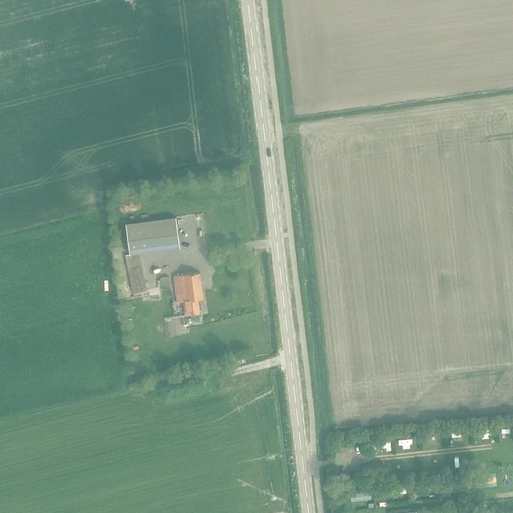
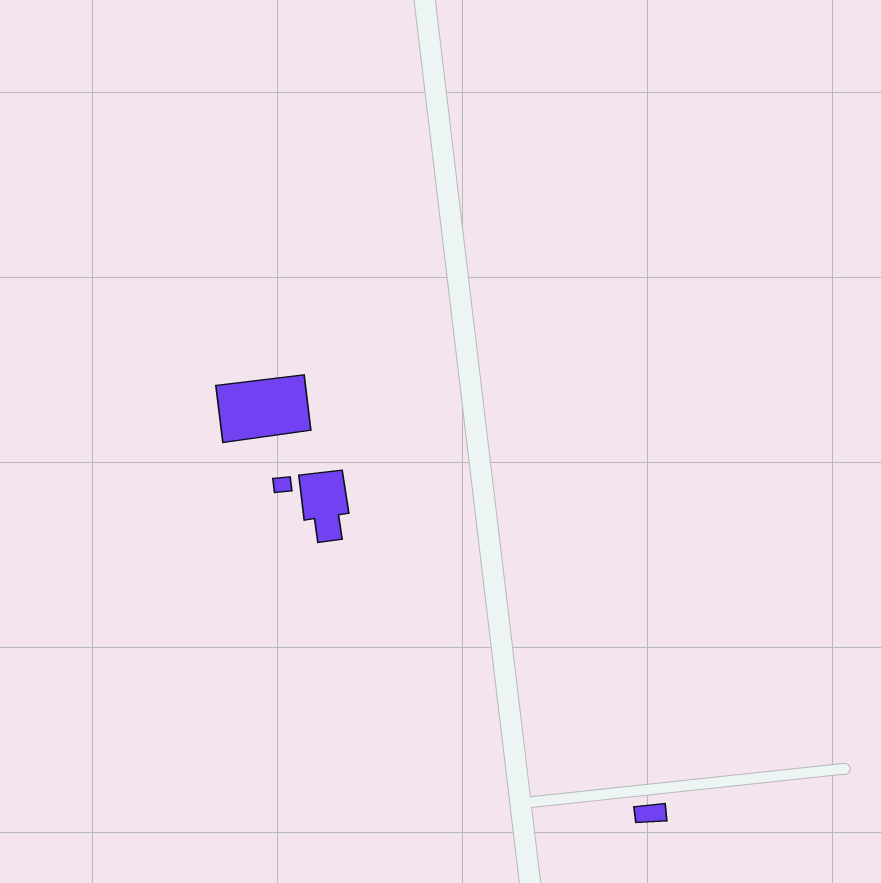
building: [126,265,145,293] -> none

